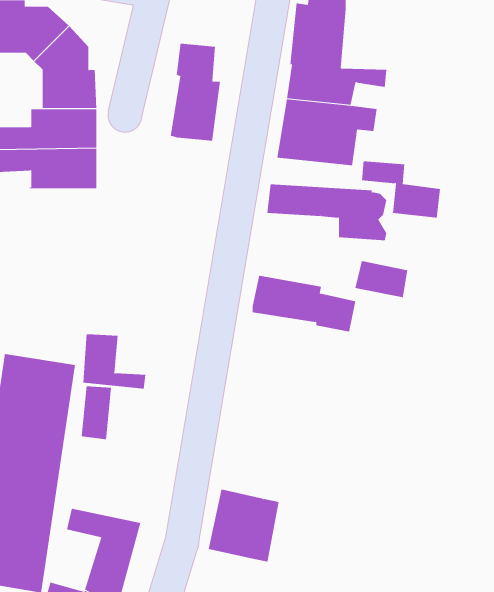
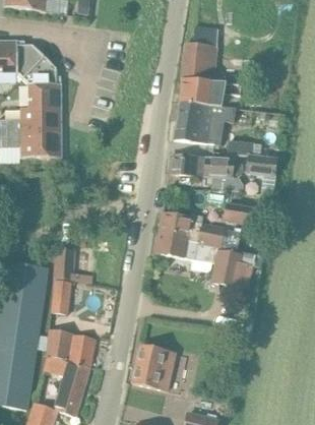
building: [170,43,220,142] -> none
building: none -> [155,235,256,287]
building: none -> [46,328,96,366]

